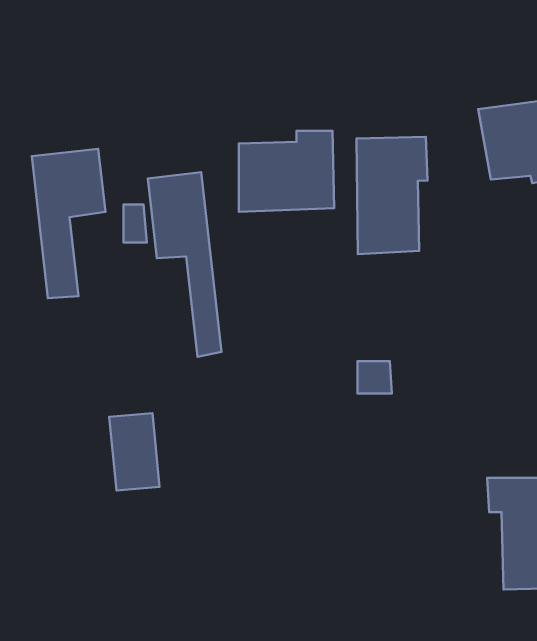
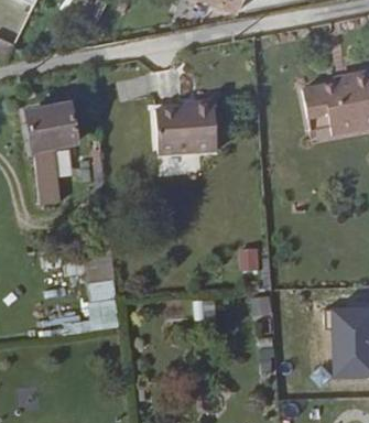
building: [356,137,428,254] -> none
building: [148,172,222,357] -> none

